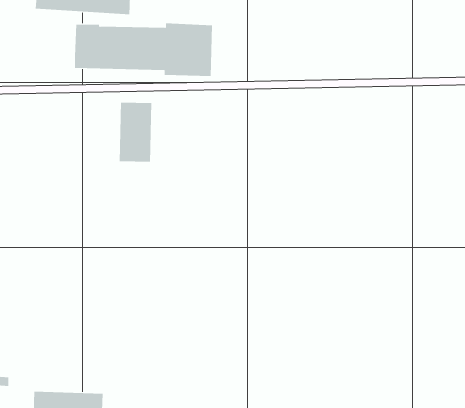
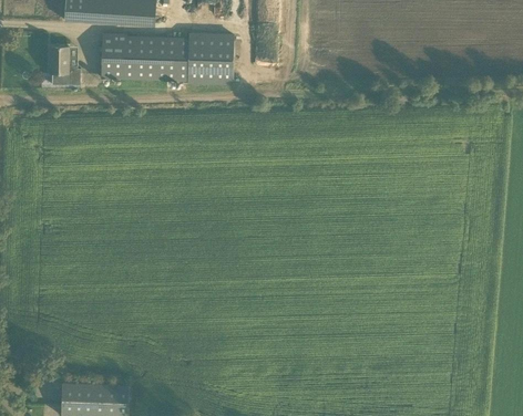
building: none -> [49,46,81,85]
building: [119,102,152,163] -> none

